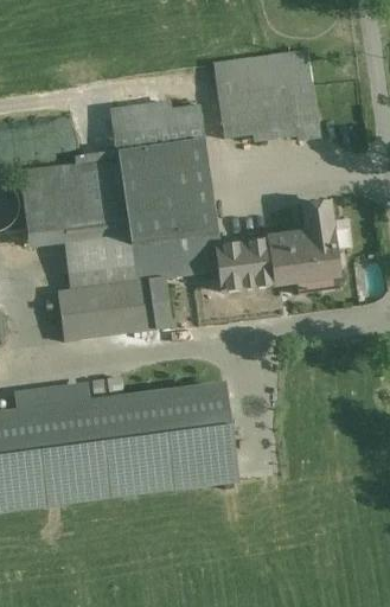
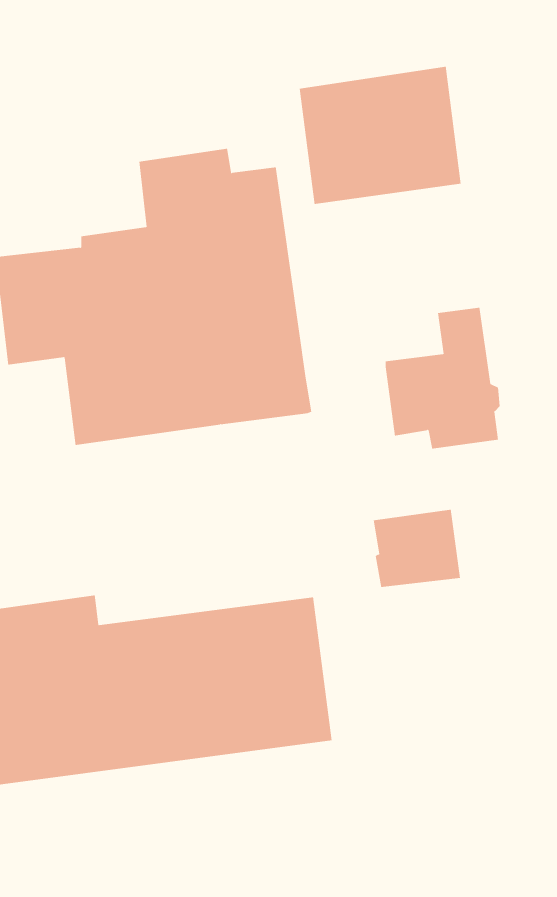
building: [218,239,274,289] -> [373,509,461,588]
building: [57,276,171,339] -> none

